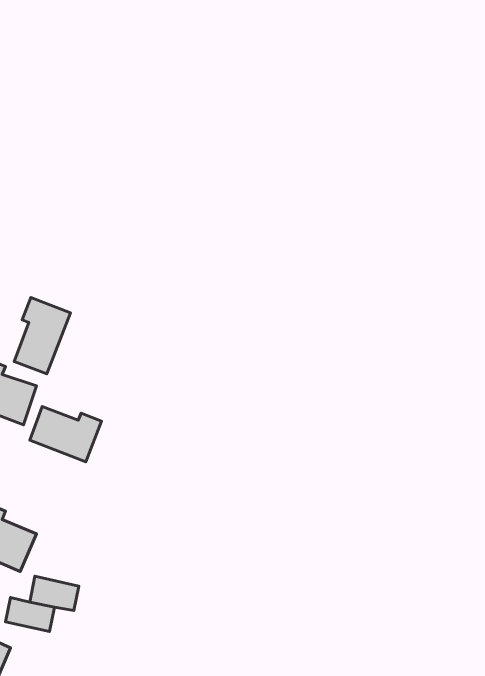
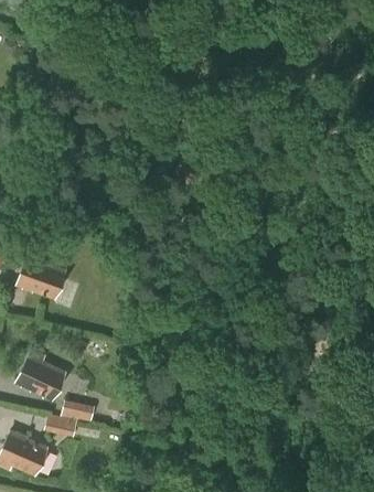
building: [14,298,70,374] -> none
building: [30,406,102,462] -> none

